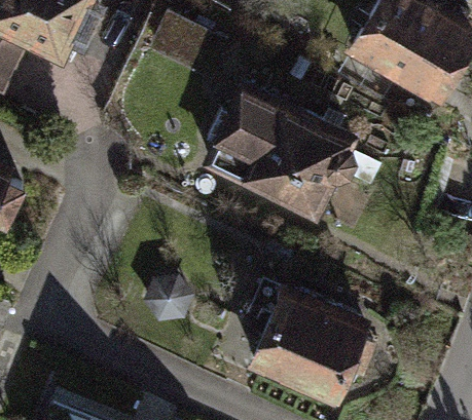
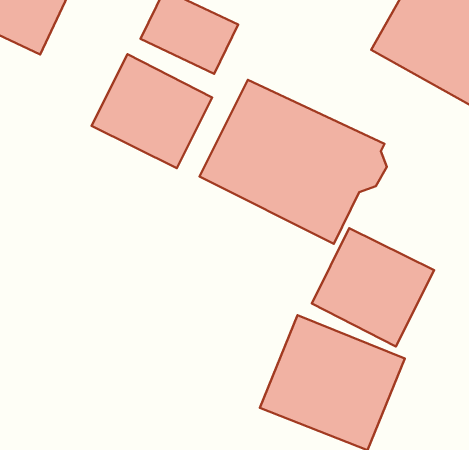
building: none -> [92,54,212,168]
building: none -> [312,228,434,346]

